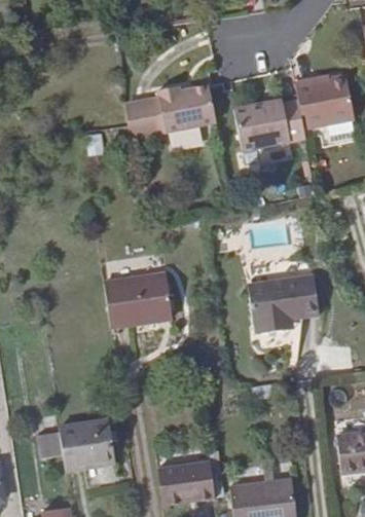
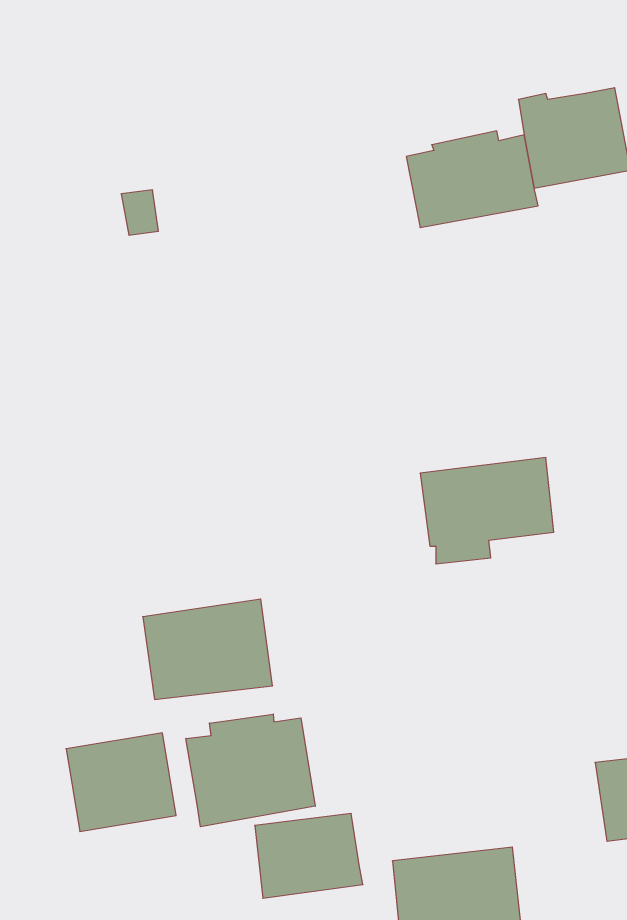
building: [127,89,217,142] -> none
building: [105,271,173,324] -> [143,599,273,699]
building: none -> [186,714,315,827]

